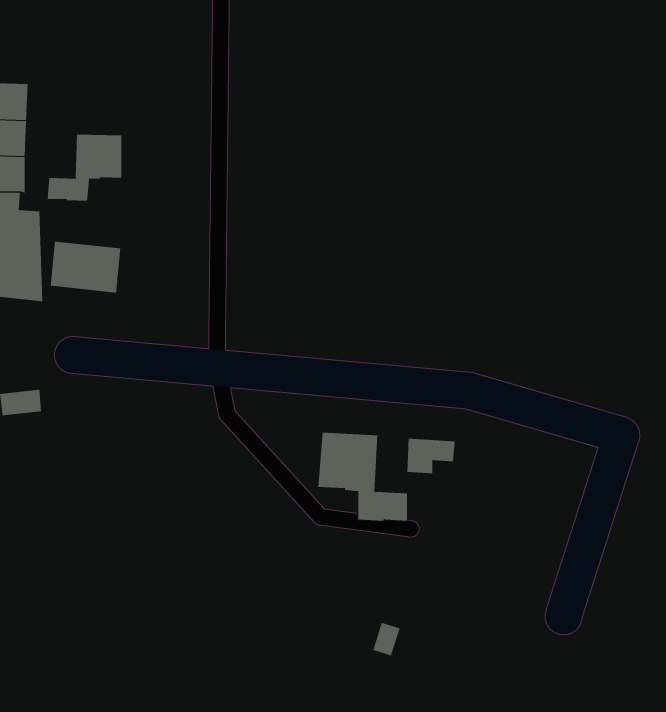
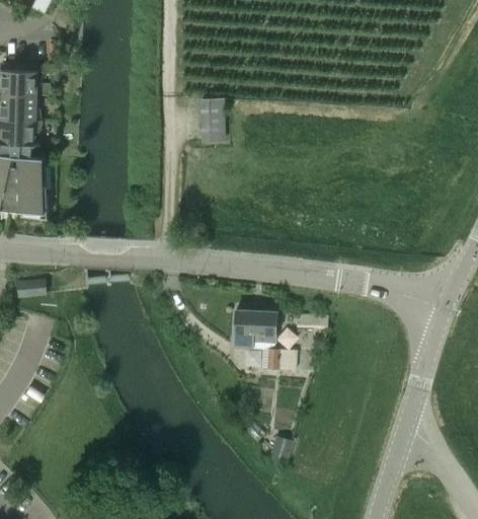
building: none -> [204,98,223,140]
building: [47,134,122,201] -> none
building: [50,241,121,293] -> none

